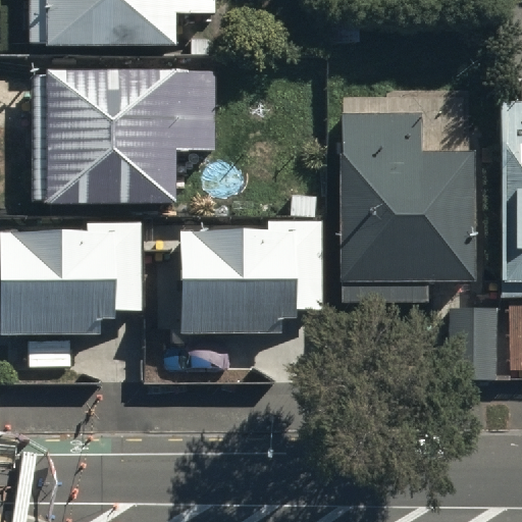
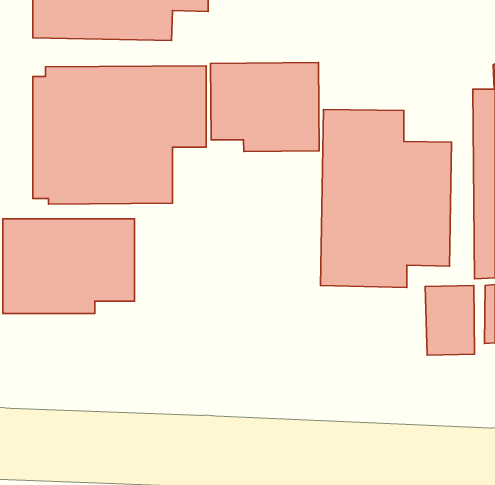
building: none -> [210,63,319,151]
building: [182,227,325,329] -> none

